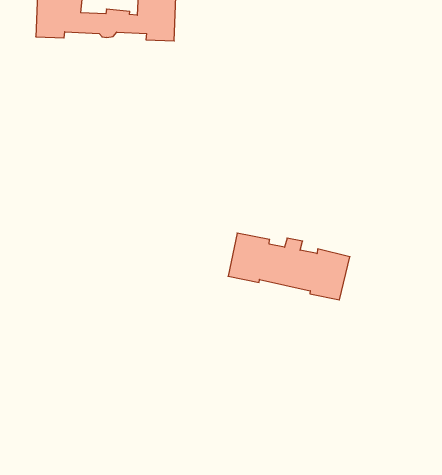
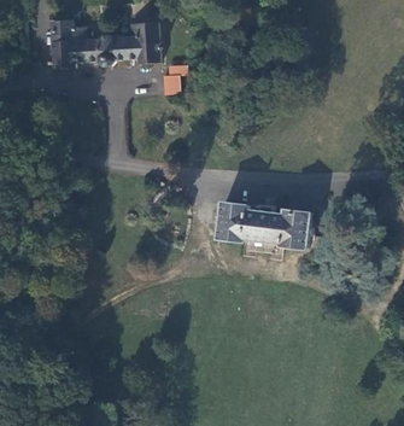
building: none -> [162,64,189,95]

